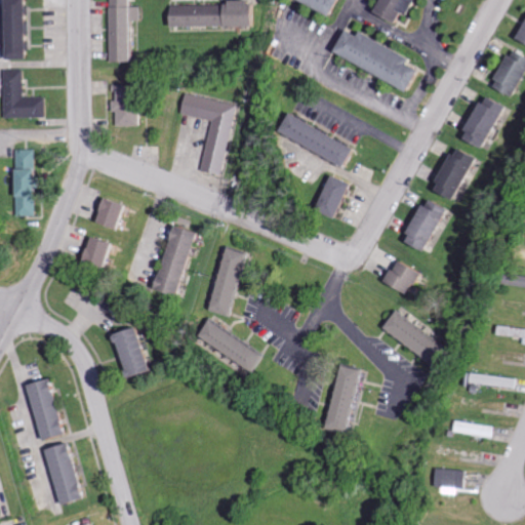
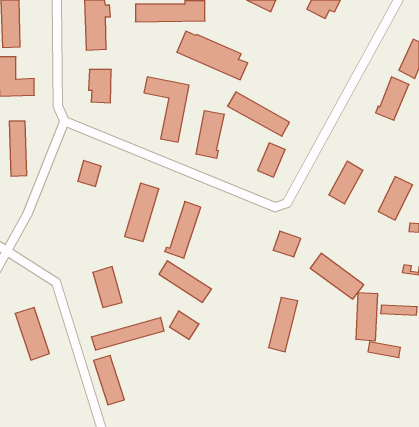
building: [334,29,421,88] -> [177,31,248,80]
building: none -> [196,111,224,158]
building: [432,147,474,200] -> [378,177,413,220]
building: [81,236,111,269] -> none
building: [386,260,419,292] -> [273,231,301,257]
building: none -> [356,293,377,341]
building: none -> [169,311,199,339]
building: none -> [91,317,164,350]
building: [39,443,77,503] -> [94,355,124,405]
building: [432,468,465,494] -> none

